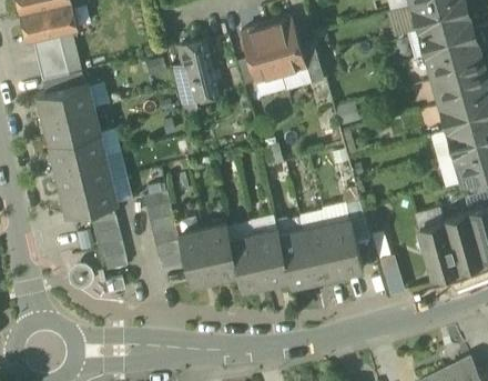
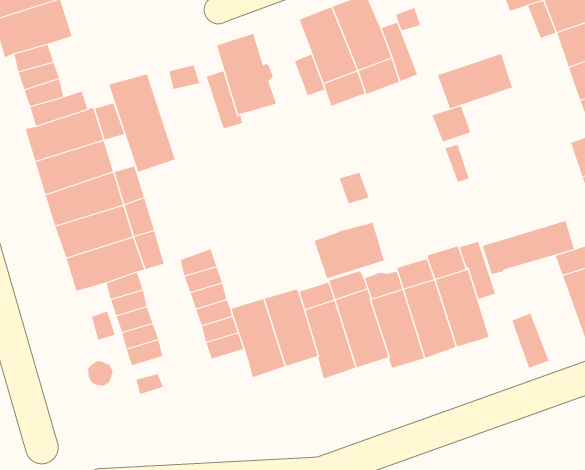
building: none -> [109,73,175,172]
building: none -> [437,53,513,109]
building: none -> [314,221,385,279]
building: none -> [482,220,575,275]

